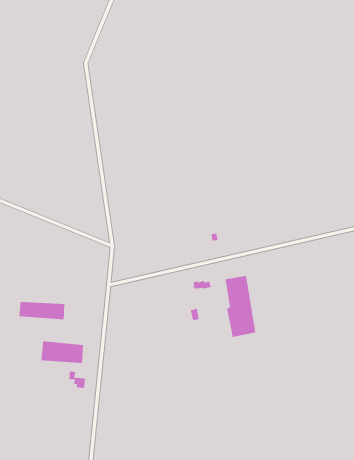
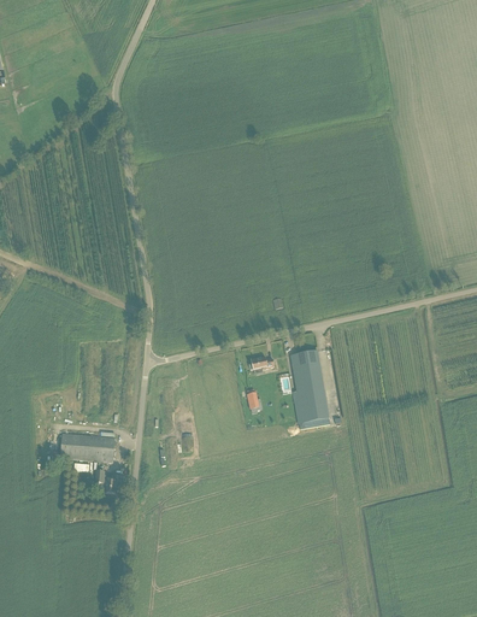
building: [18,301,65,320] -> none

